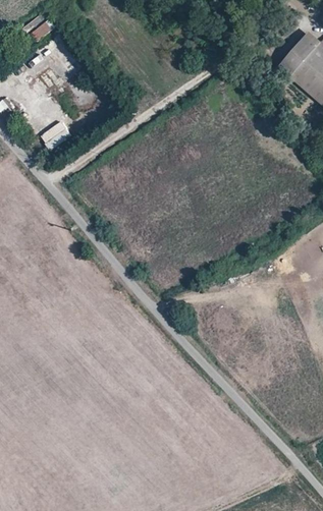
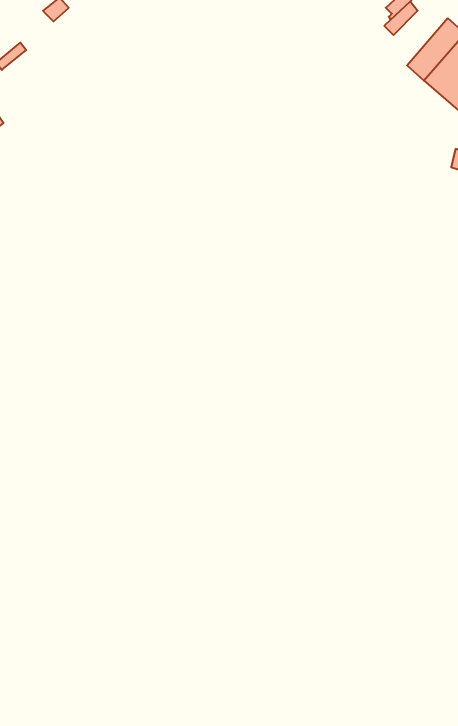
building: [38,119,69,149] -> none

